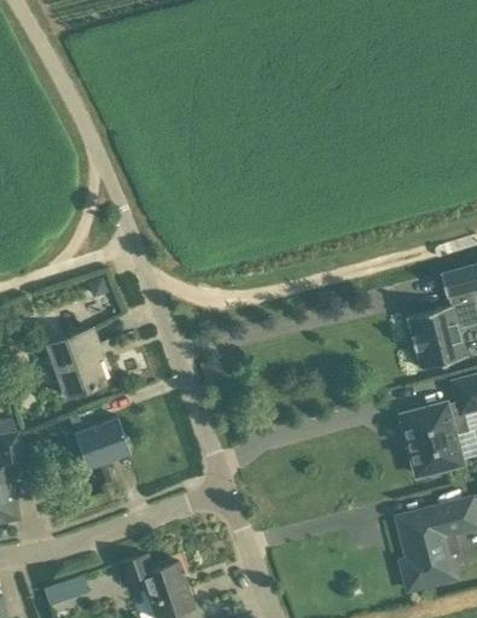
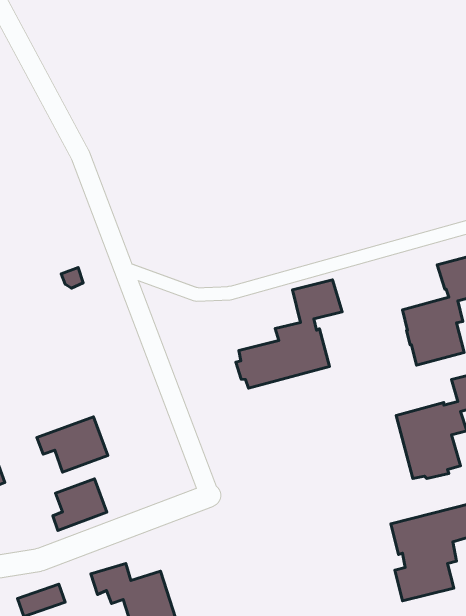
building: none -> [236,280,342,388]
building: [50,330,106,397] -> none
building: none -> [53,479,107,530]

